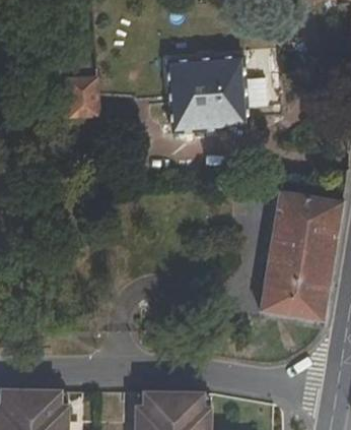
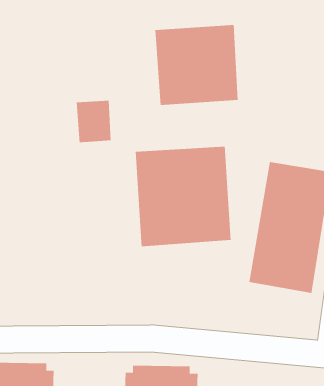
building: [65,75,100,118] -> [76,100,112,143]
building: none -> [135,146,231,247]

